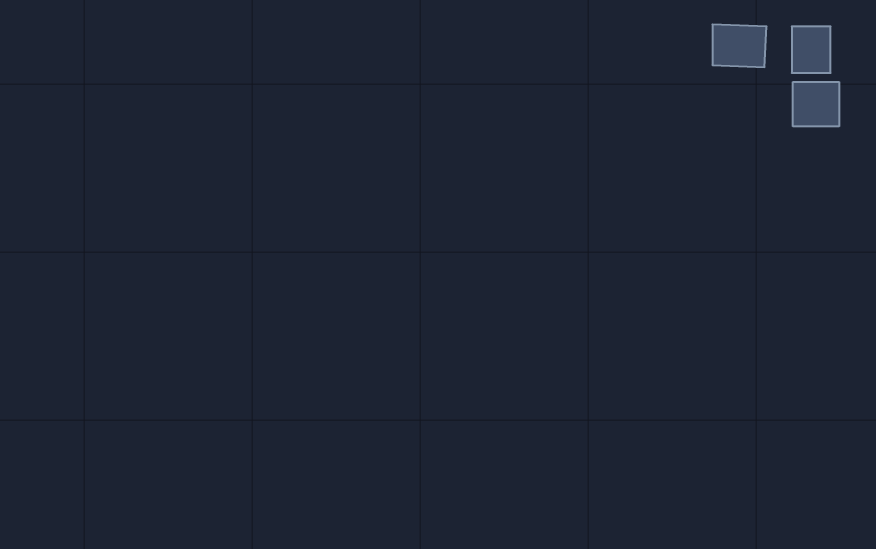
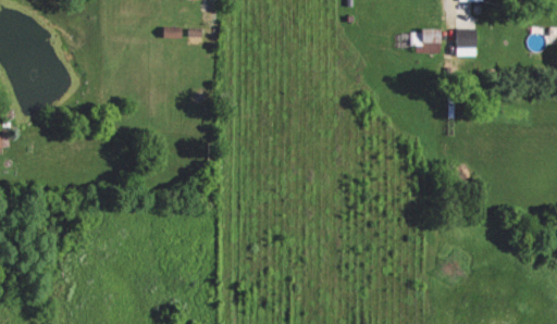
building: [793,82,839,126] -> none

